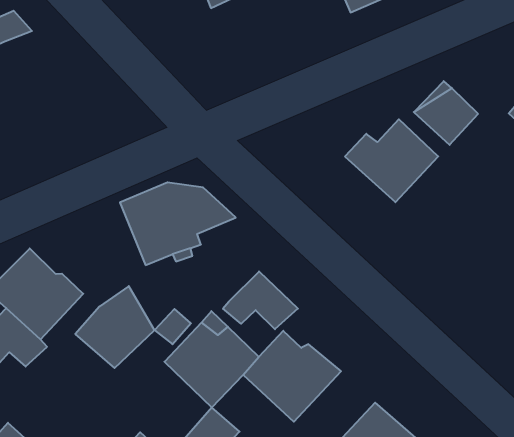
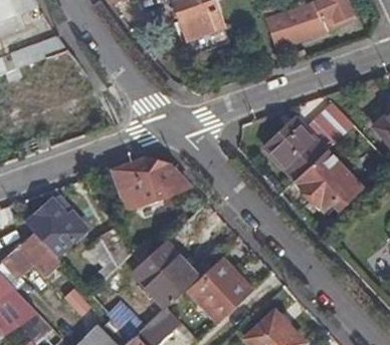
building: none -> [297,150,362,209]
building: [223,271,298,329] -> none

